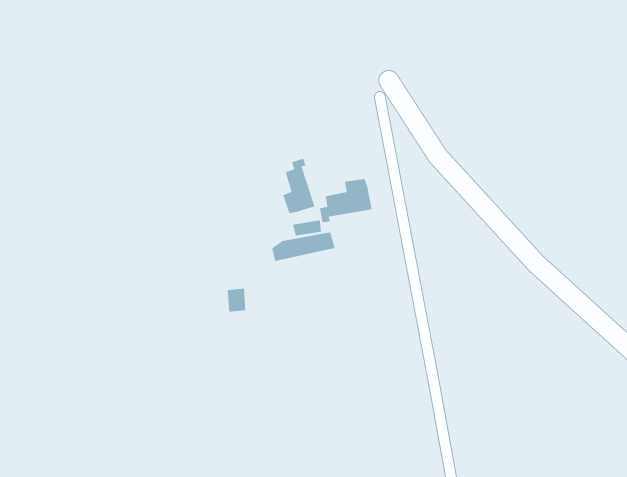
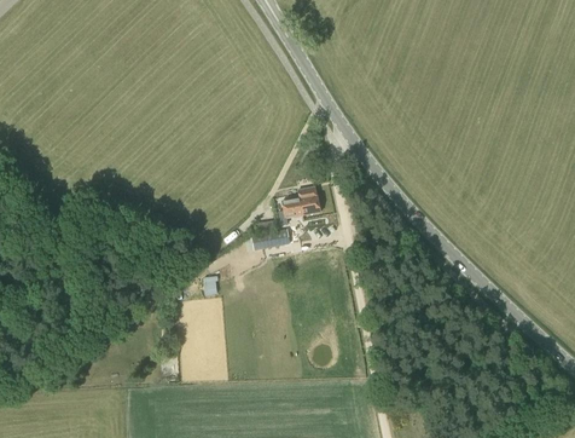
building: [282,158,315,214] -> none

